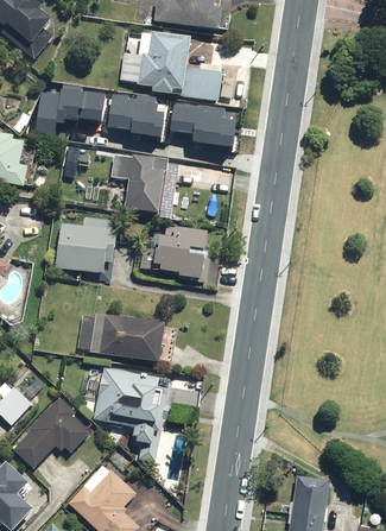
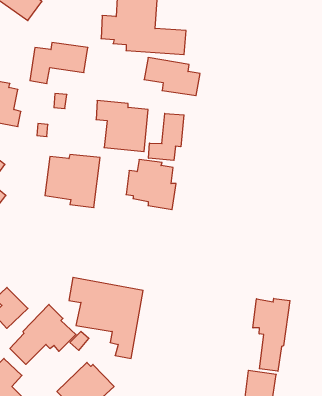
building: [112,94,165,137] -> none
building: none -> [149,113,184,160]
building: [78,314,176,364] -> none
building: none -> [253,298,290,371]

